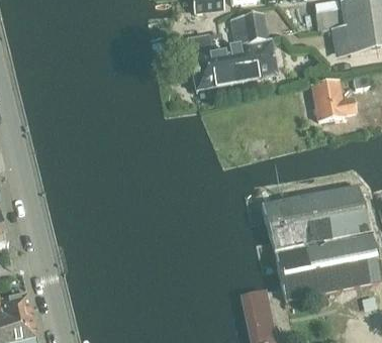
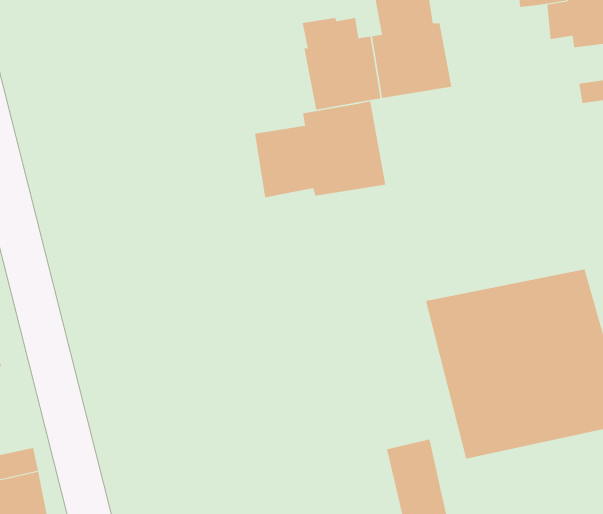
building: [312,80,355,118] -> none
building: none -> [255,100,386,198]

